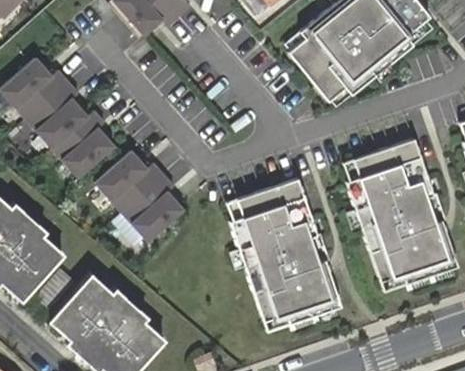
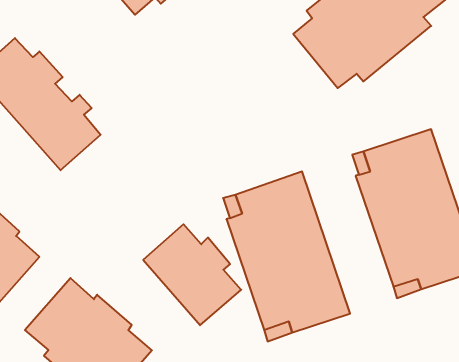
building: [97,149,185,240] -> [143,224,241,325]

